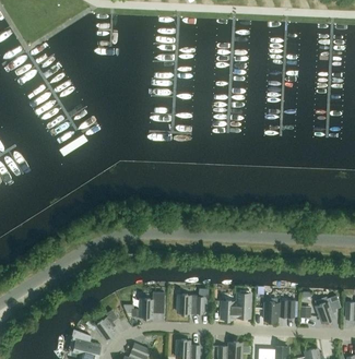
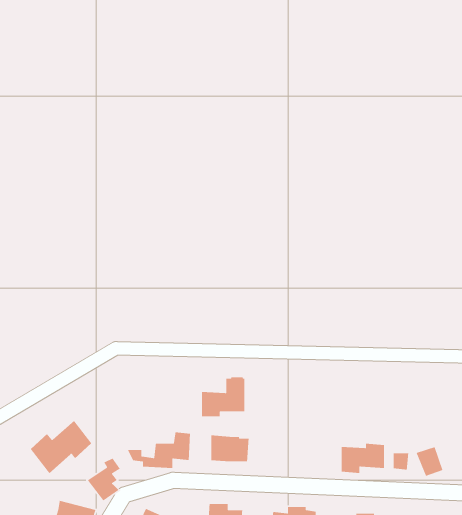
building: none -> [30,420,92,474]
building: [222,291,251,319] -> [201,376,245,417]

